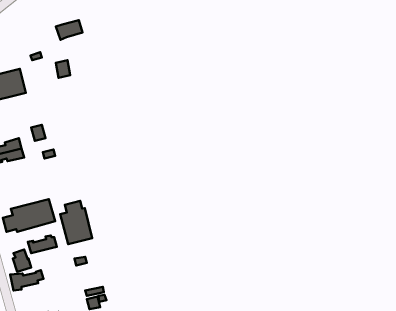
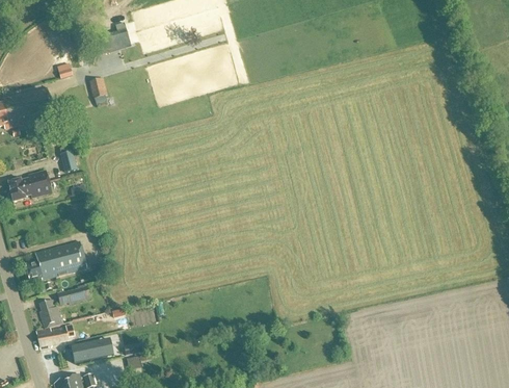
building: [60,201,92,244] -> none
building: none -> [72,338,113,362]

